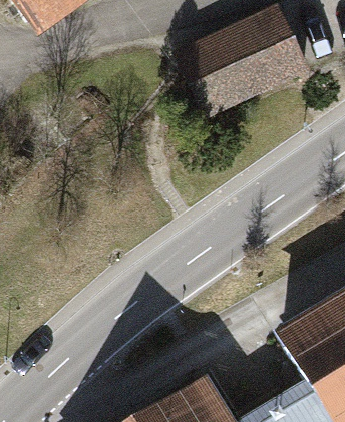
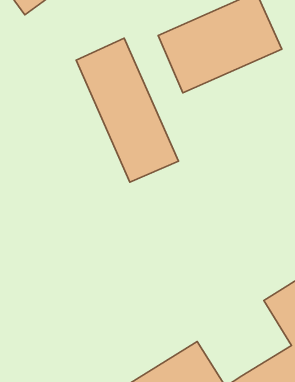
building: none -> [76,38,178,182]

